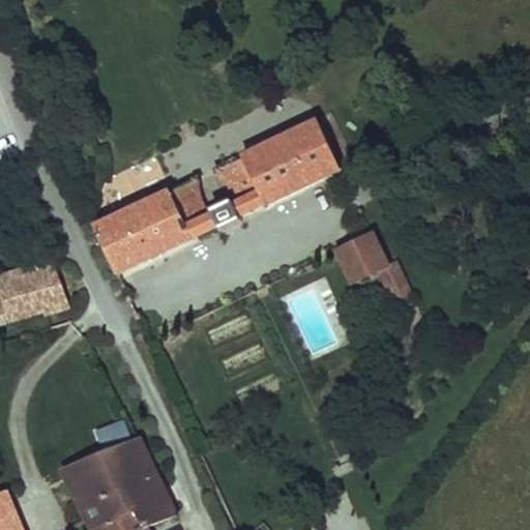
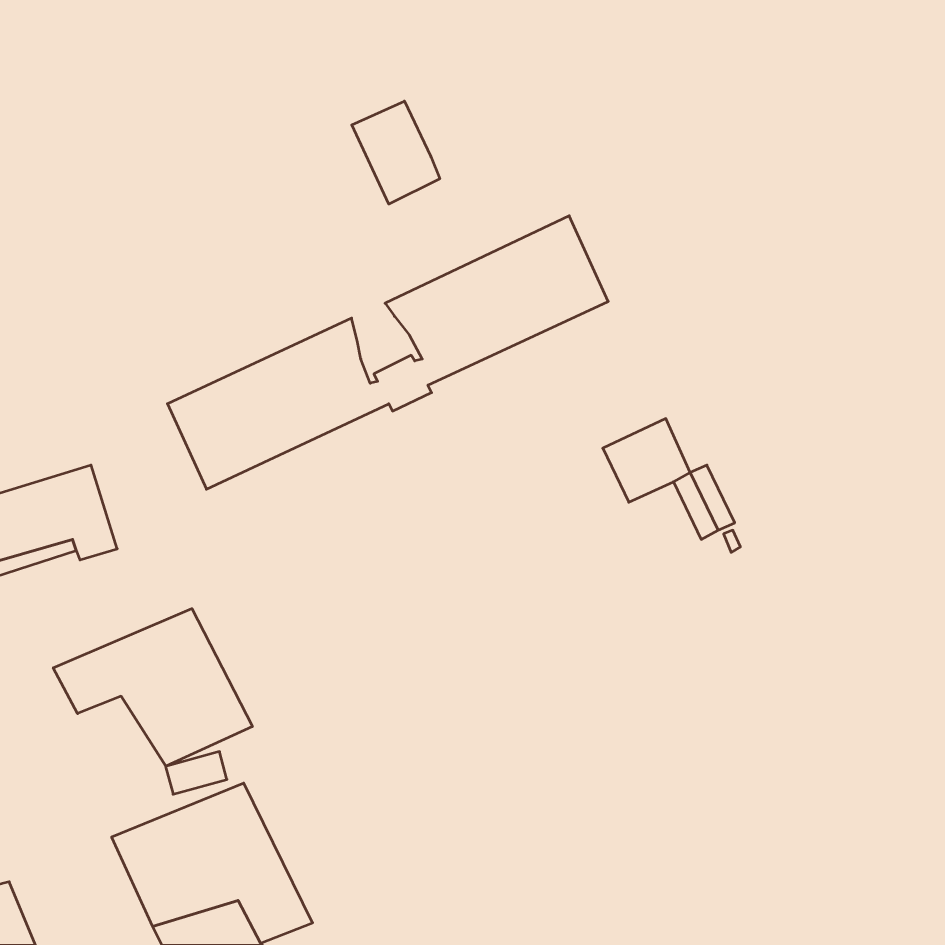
building: none -> [352,101,440,204]
building: none -> [53,609,252,766]

